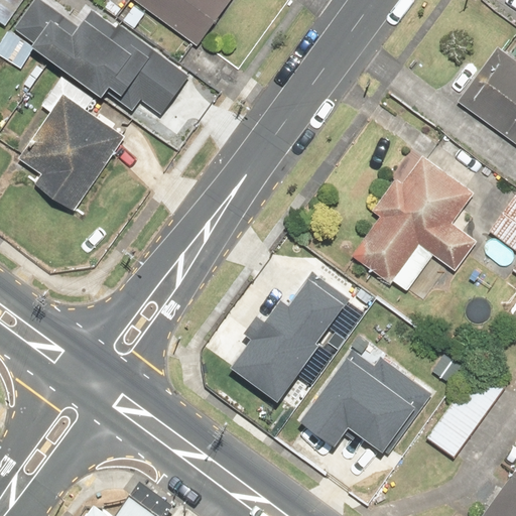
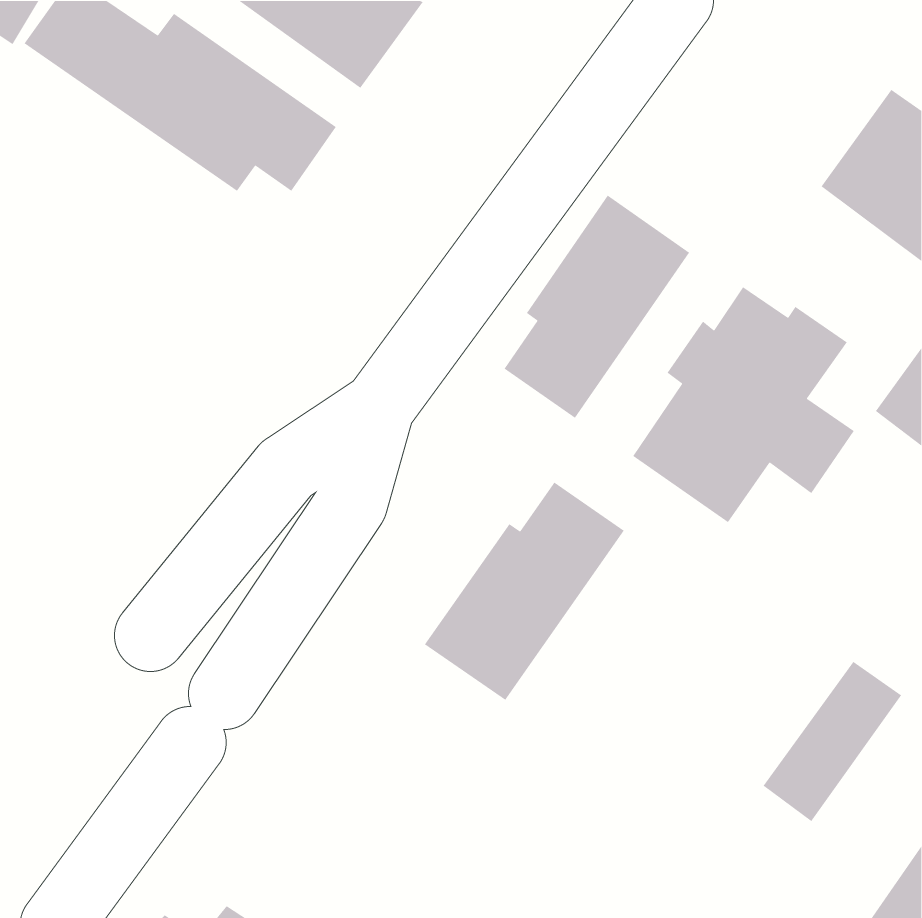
building: [20,89,132,209] -> none
building: none -> [503,195,690,419]
building: [301,345,430,447] -> none

